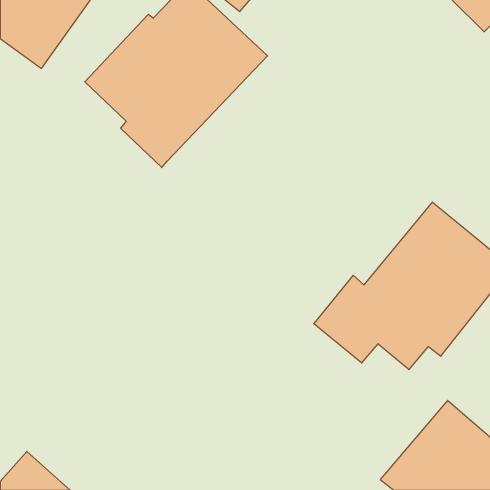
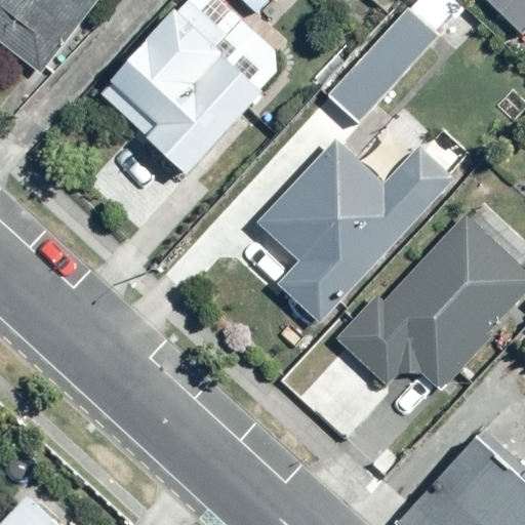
building: none -> [324,5,440,124]
building: none -> [257,140,457,324]

